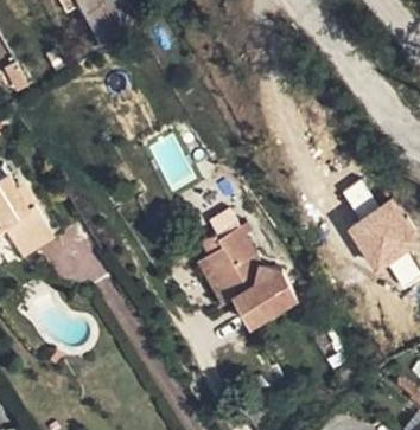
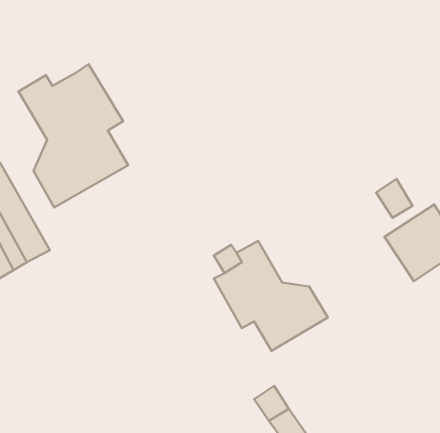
building: none -> [18,64,128,208]

